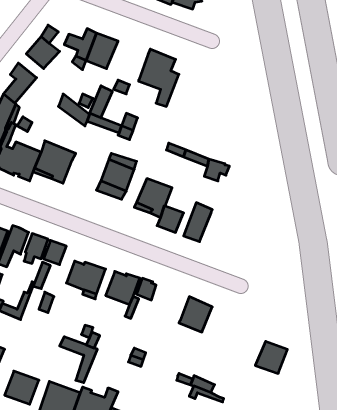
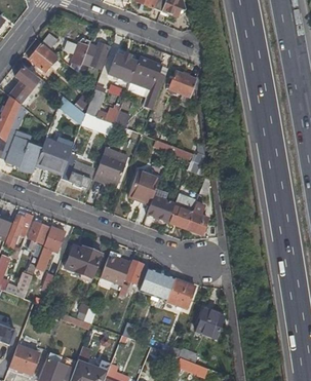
building: none -> [109,56,139,83]
building: none -> [168,70,198,98]
building: none -> [62,155,94,188]
building: none -> [185,202,207,234]
building: none -> [143,268,176,299]
building: [255,341,287,373] -> [194,308,223,337]

